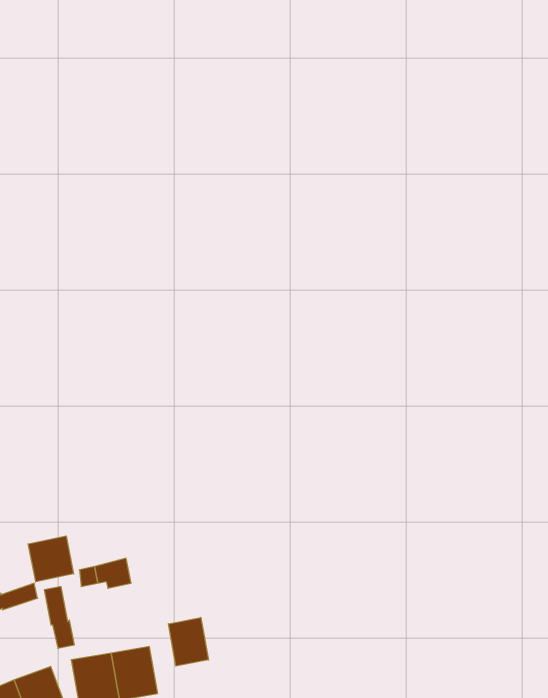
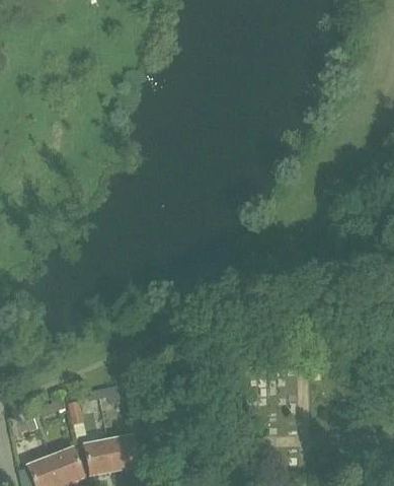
building: [28,536,74,582] -> none
building: [168,617,208,666] -> none

